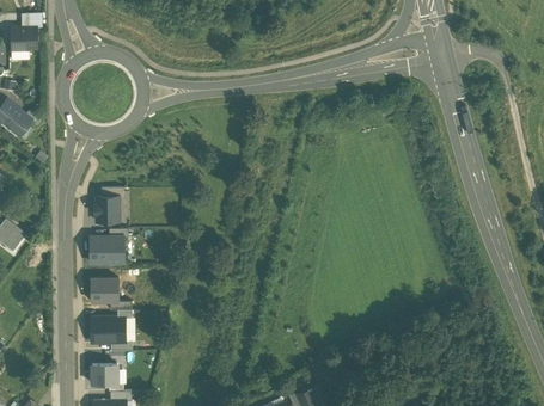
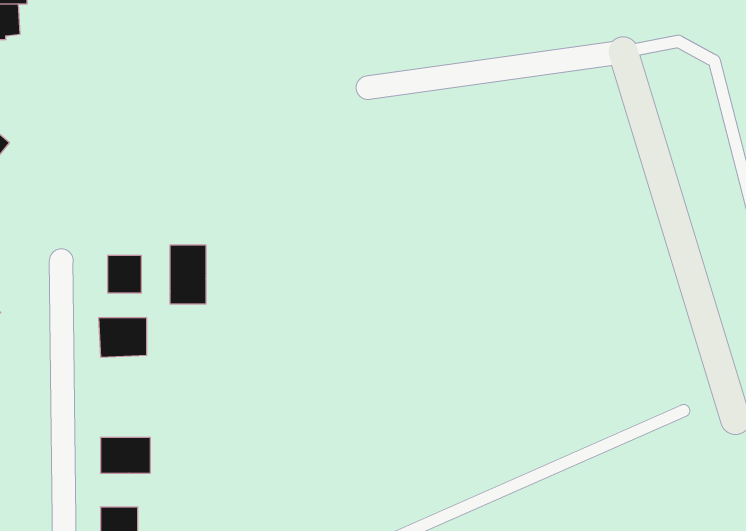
building: none -> [170,245,206,304]
building: [91,276,120,303] -> none

